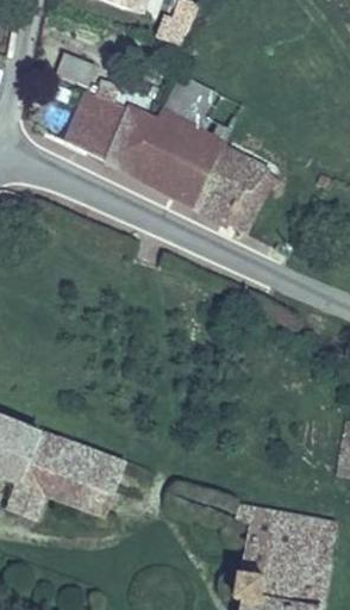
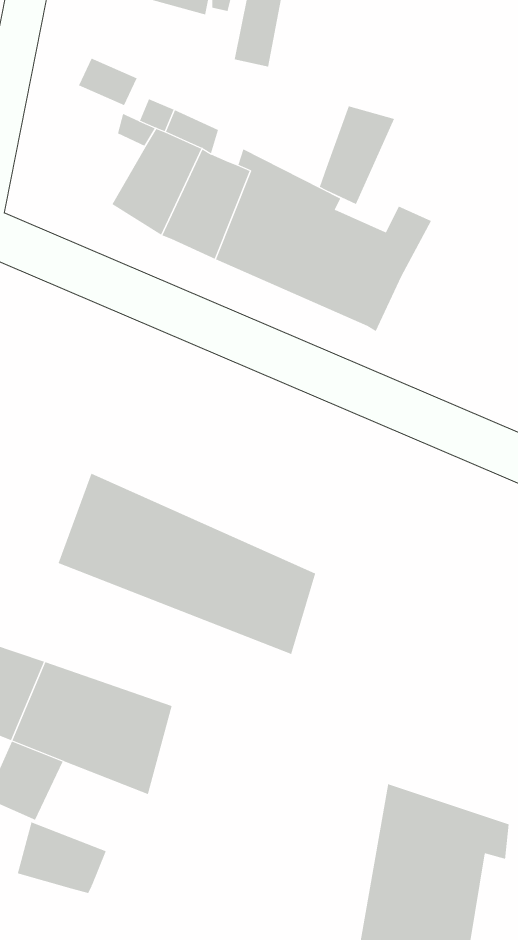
building: none -> [319,106,395,205]
building: none -> [58,473,316,655]
building: none -> [17,821,106,894]

